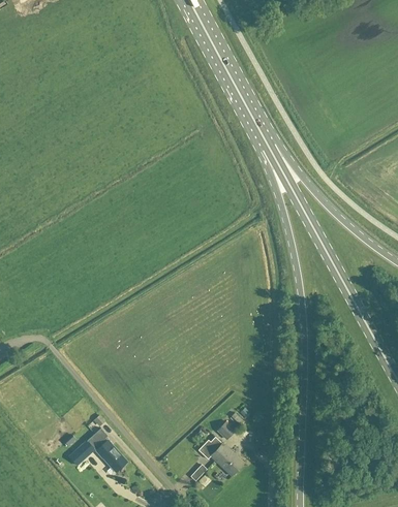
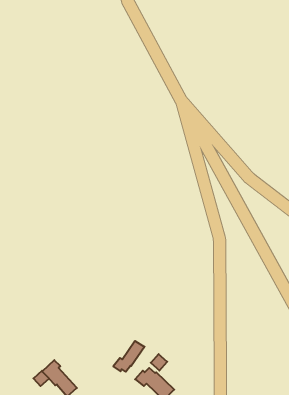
building: none -> [113,341,145,372]

